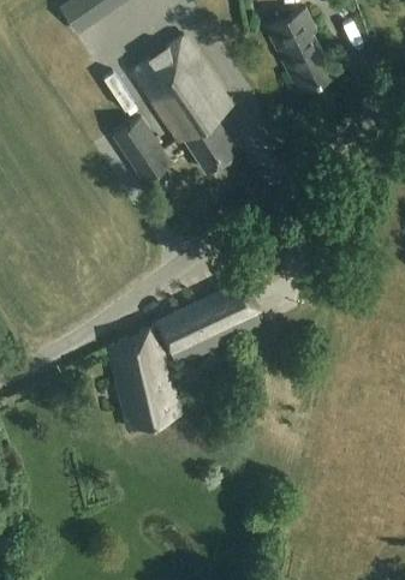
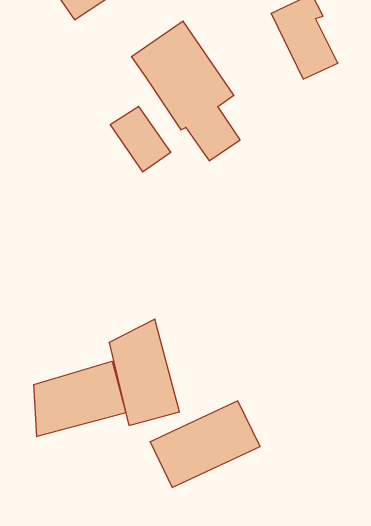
building: [154,282,261,366] -> [150,401,260,487]
building: none -> [34,361,126,437]

